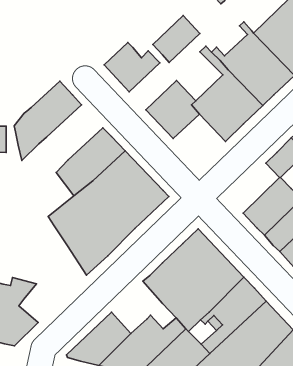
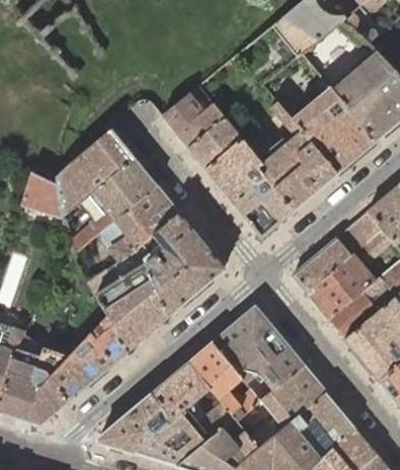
building: [153,16,200,62] -> [188,118,242,169]
building: none -> [70,159,156,253]
building: none -> [234,178,293,237]
building: none -> [293,238,350,293]
building: none -> [49,316,127,400]
building: none -> [152,362,210,419]

